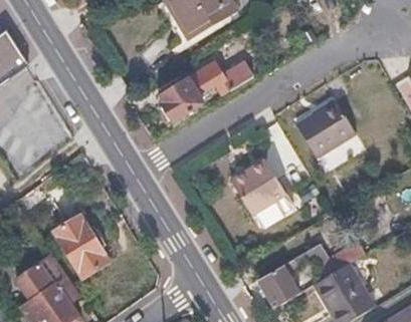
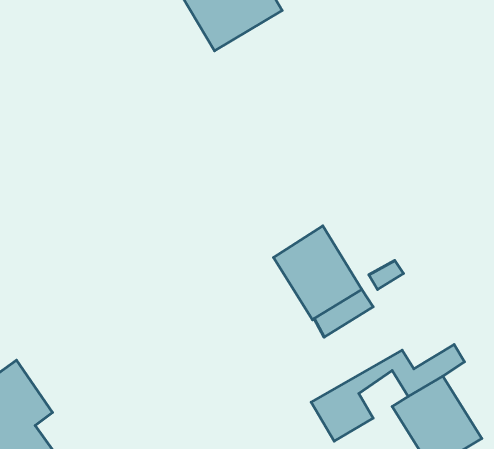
building: [159,60,252,120] -> none
building: [300,103,359,158] -> none
building: [53,215,109,277] -> none

